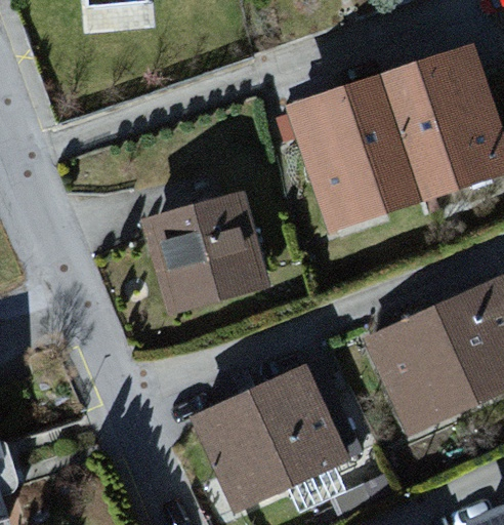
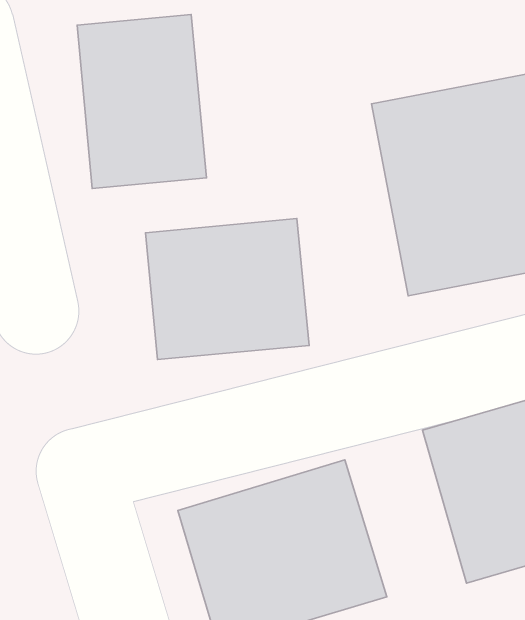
building: none -> [77,14,206,188]

